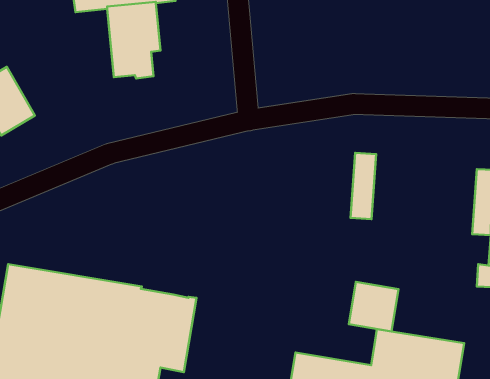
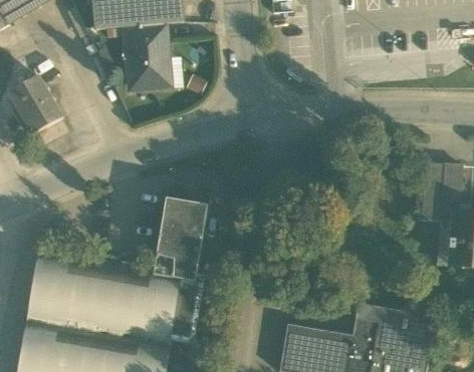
building: [350,153,376,219] -> [422,163,444,221]
building: none -> [154,199,207,276]
building: [349,282,398,332] -> none

